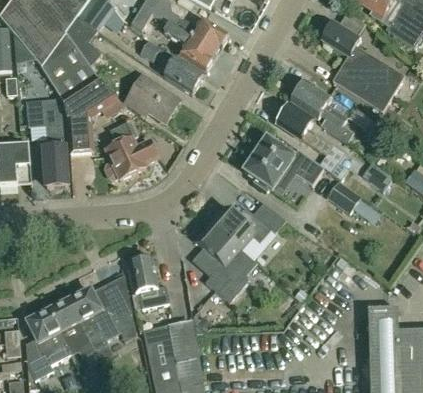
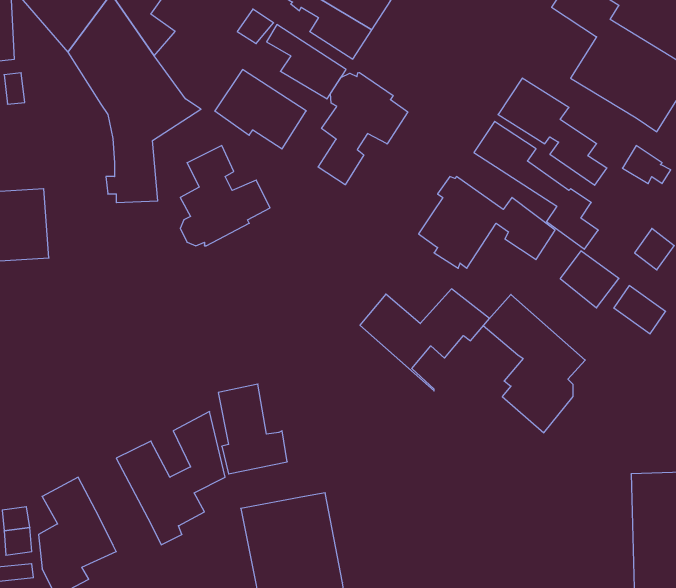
building: none -> [318,73,408,185]
building: [26,95,68,186] -> none
building: [194,223,253,303] -> [483,294,585,433]
building: [47,300,95,358] -> none

